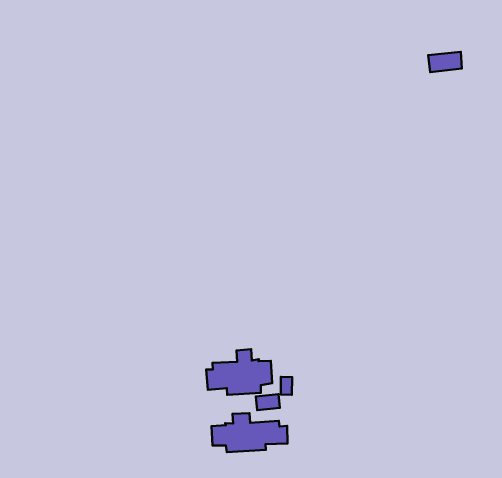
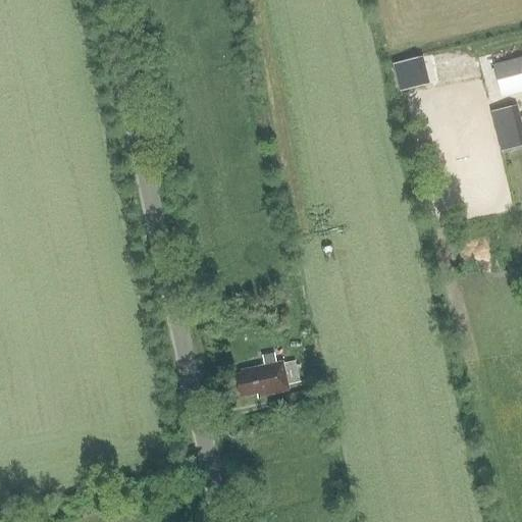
building: [211,413,288,452] -> none

